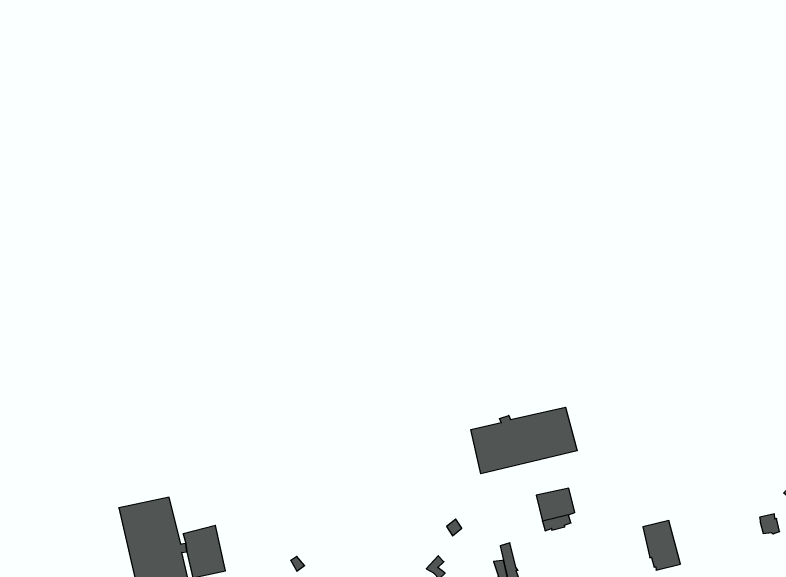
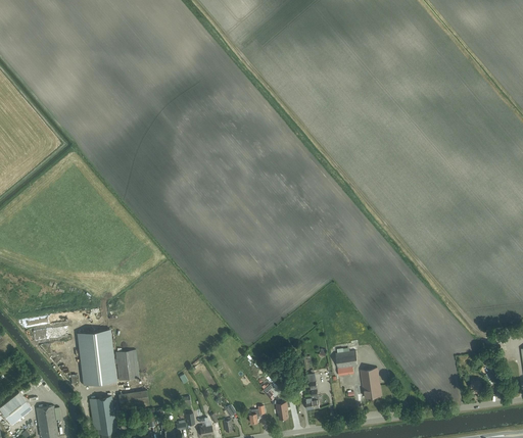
building: [471,407,577,474] -> none
building: [643,521,680,570] -> [361,369,381,398]

